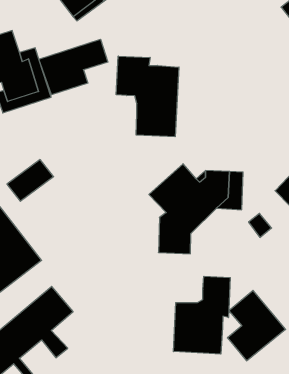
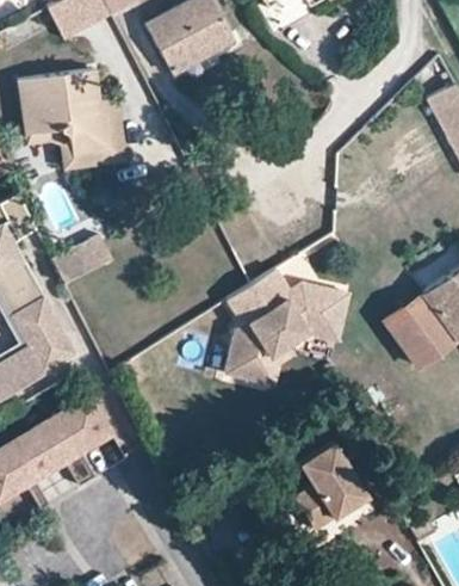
building: [39,39,108,95] -> none
building: [116,56,179,137] -> none
building: [173,276,230,354] -> none

